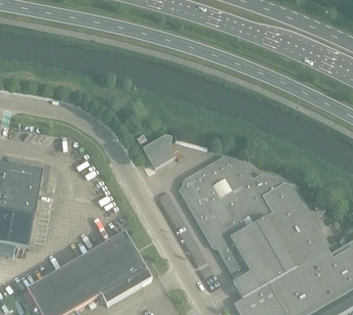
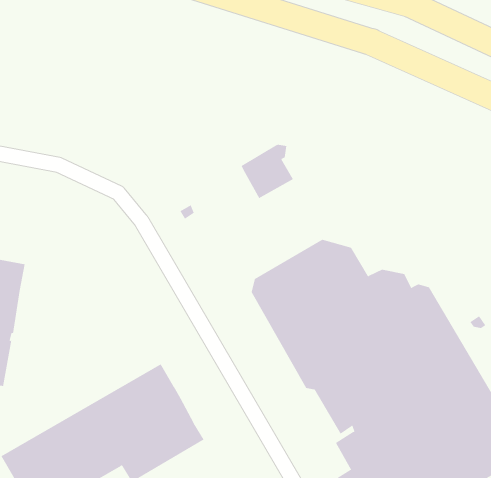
building: [142,135,174,169] -> [241,144,294,199]

